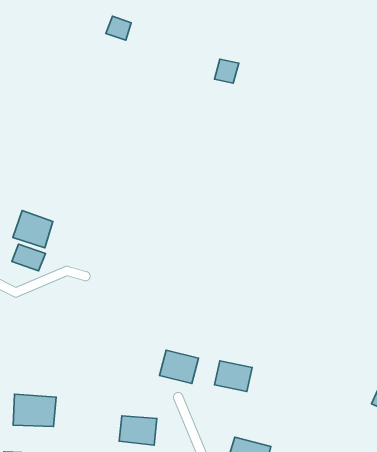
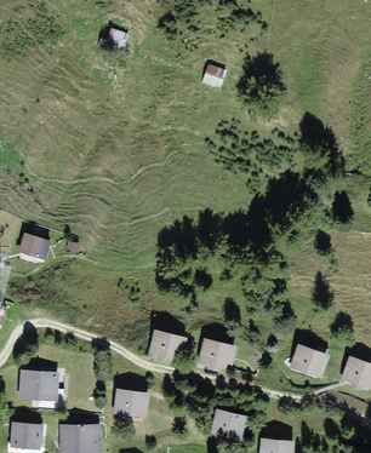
building: [13,210,53,248] -> none
building: none -> [291,344,331,378]

